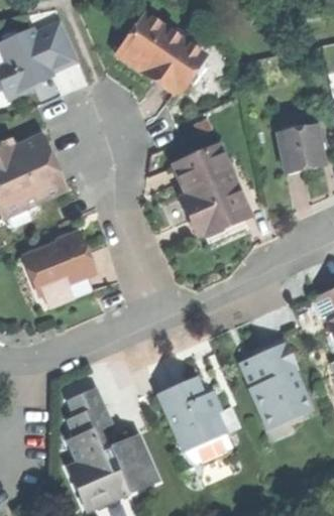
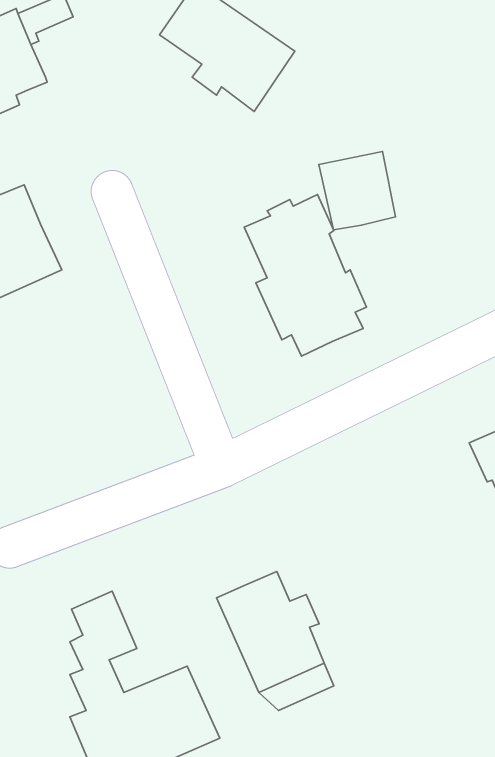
building: [42,33,80,71] -> none
building: [277,123,325,171] -> [319,152,396,230]
building: [30,234,95,296] -> none
building: [245,337,310,427] -> none

